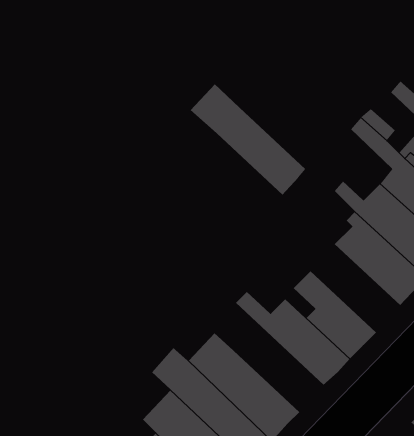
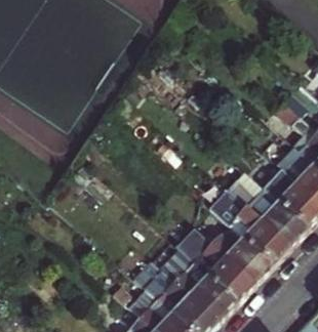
building: [190,84,306,196] -> [226,171,307,249]
building: none -> [175,229,253,304]

